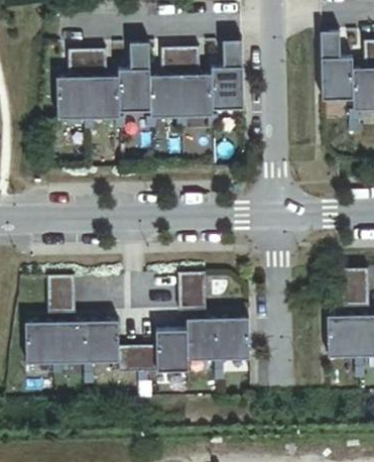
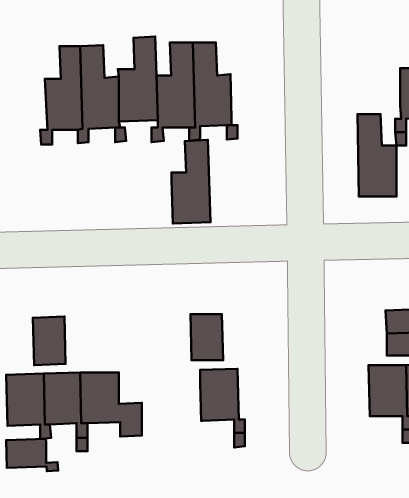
building: [321,29,353,98] -> [358,114,396,197]
building: [212,38,244,108] -> [172,140,210,223]
building: [218,316,250,359] -> none
building: [138,329,189,383] -> none
building: none -> [6,439,58,471]

